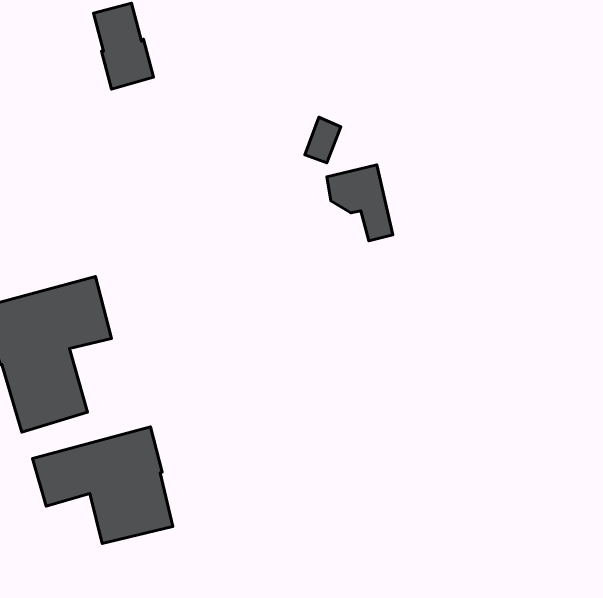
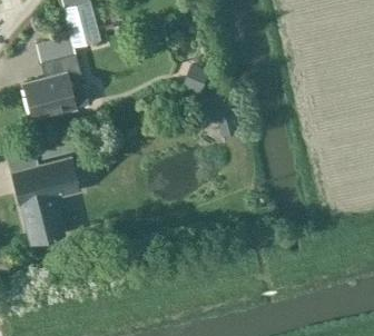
building: none -> [22,52,87,118]
building: [33,427,173,544] -> none

